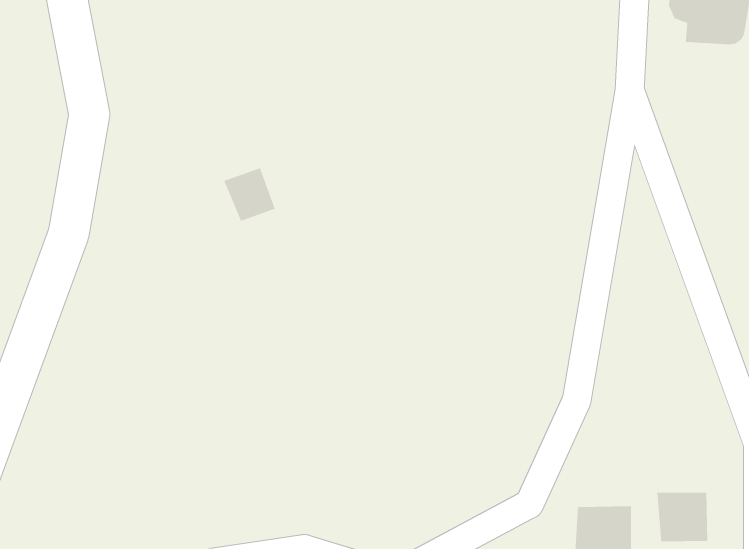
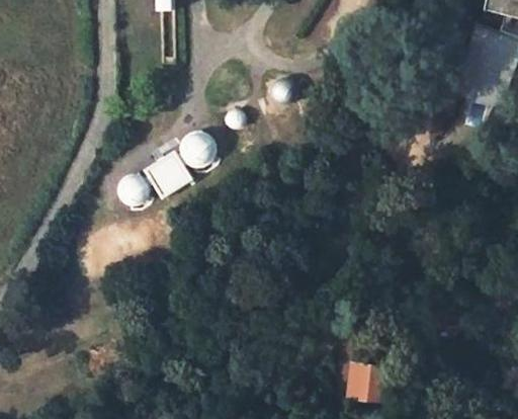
building: none -> [143,149,190,196]
building: [657,492,708,542] -> none

